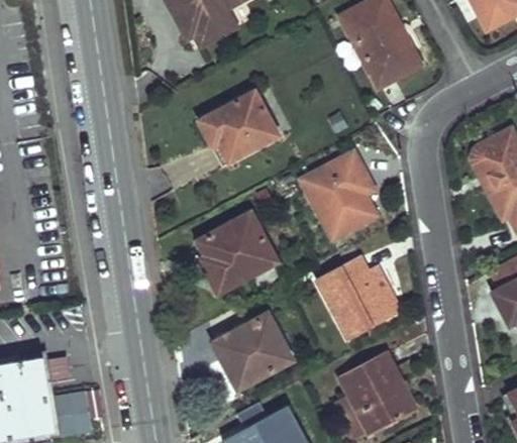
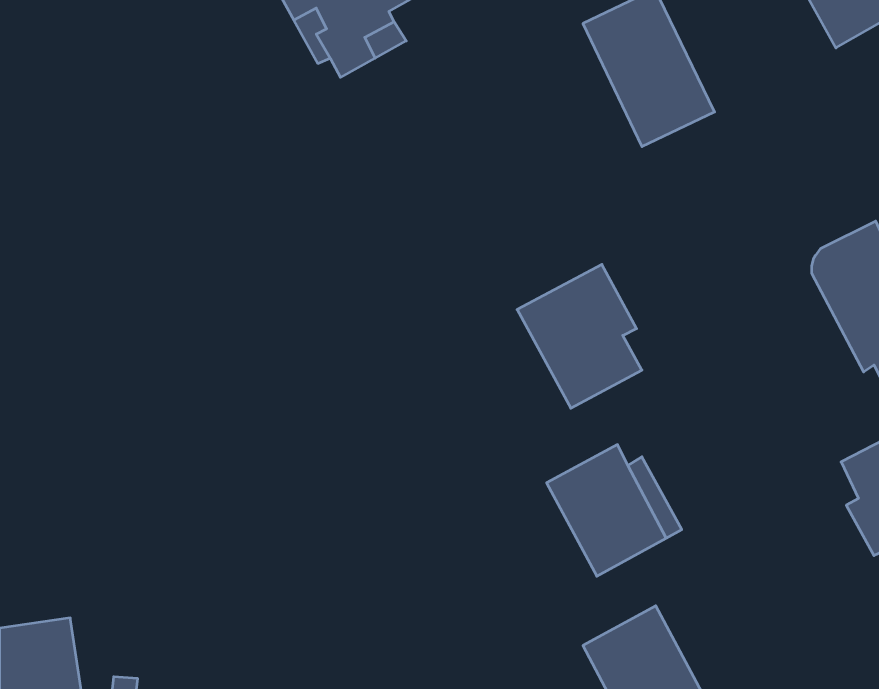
building: [200,93,277,161] -> none
building: [198,212,277,290] -> none
building: [212,315,291,391] -> none

